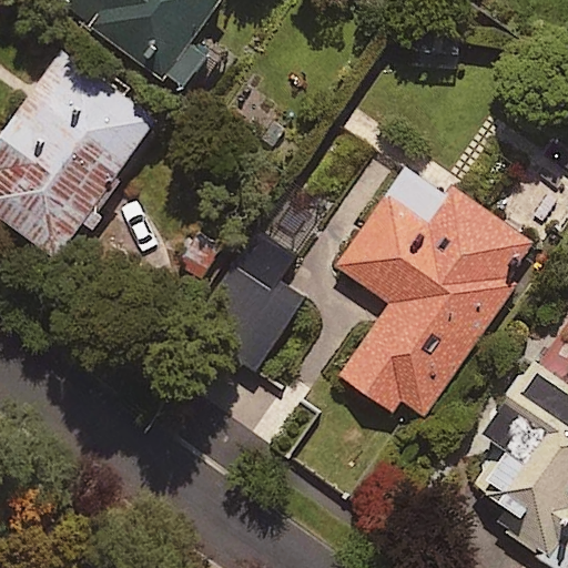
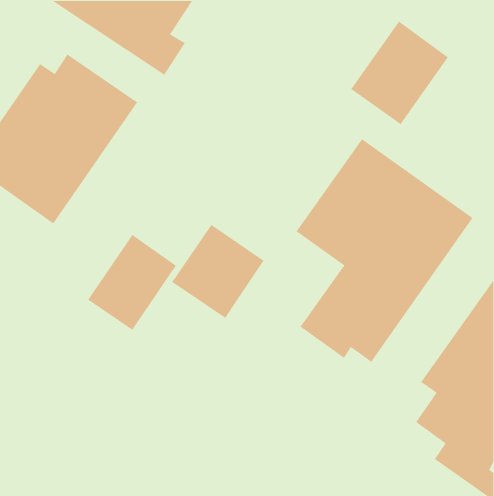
building: none -> [350,21,449,125]
building: none -> [87,234,177,331]

